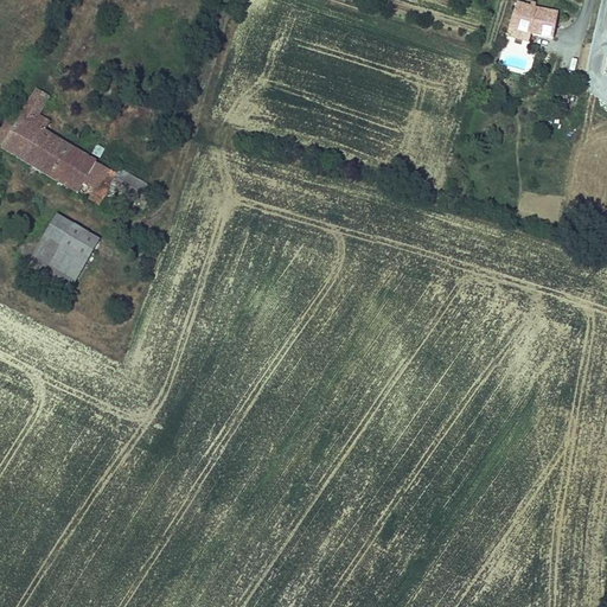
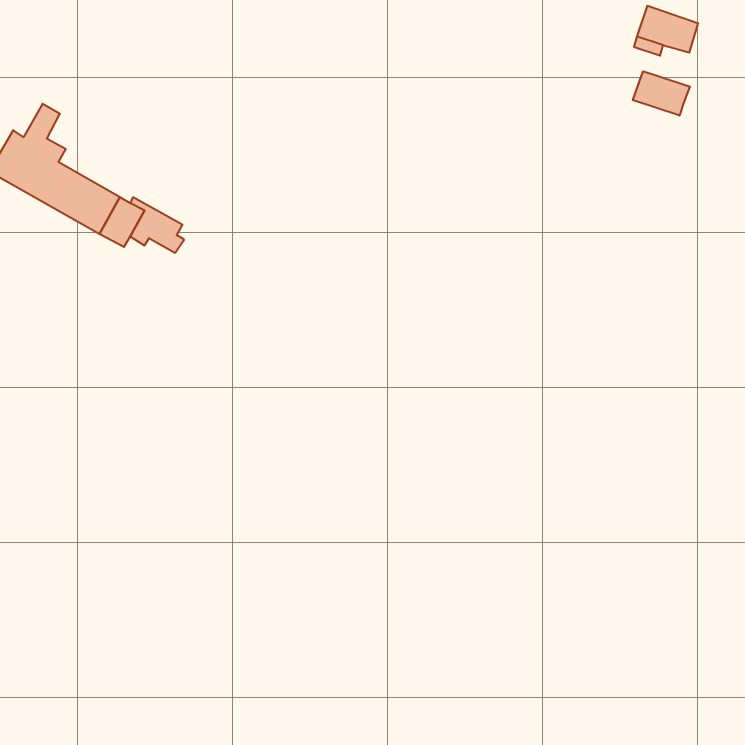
building: none -> [633,71,690,116]
building: [23,212,98,294] -> none

